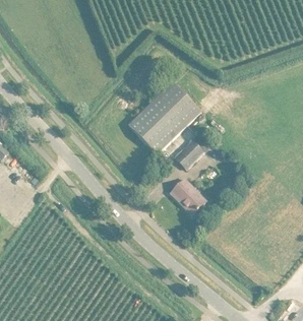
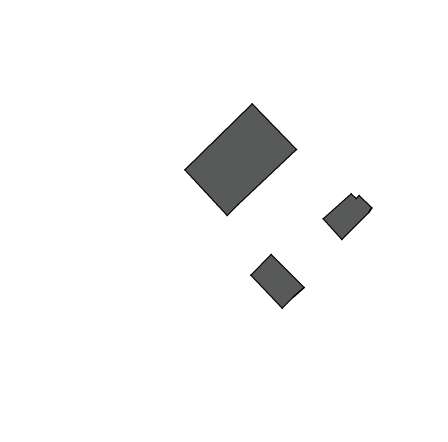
building: [174,140,205,170] -> [323,194,372,239]

